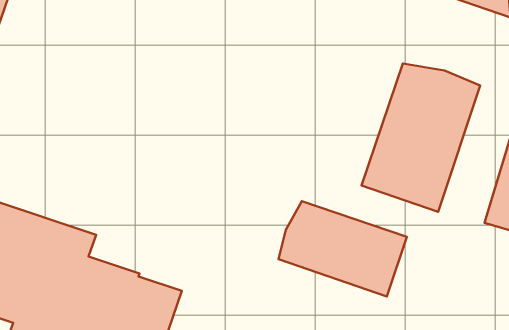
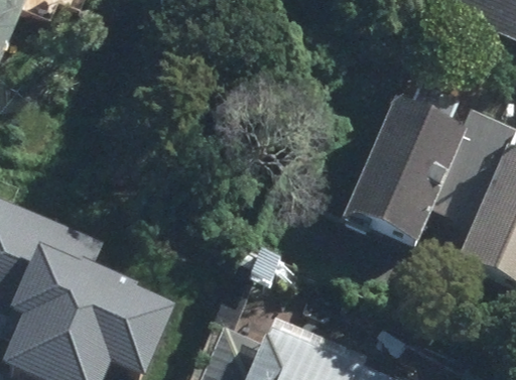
building: [278,201,407,296] -> none

